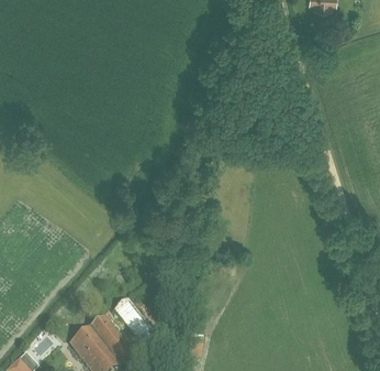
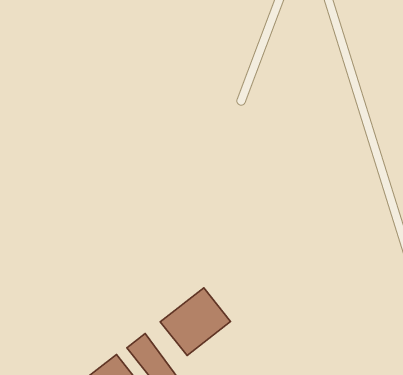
building: none -> [160,288,231,356]

